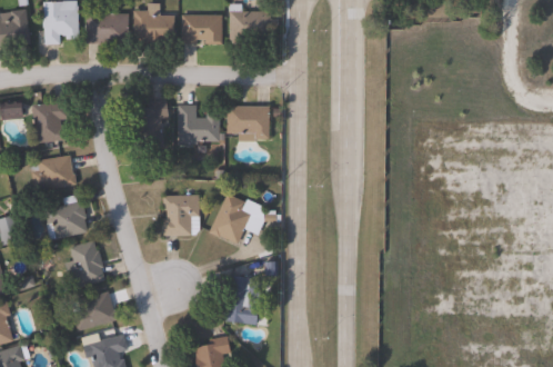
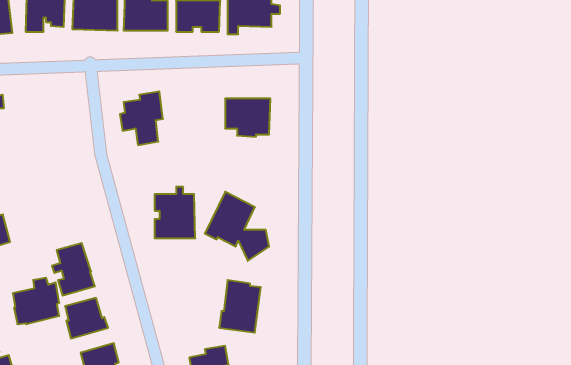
building: [30,101,67,143] -> none
building: [178,105,219,146] -> none
building: [34,155,80,191] -> none
building: [49,195,92,238] -> [13,278,59,324]

